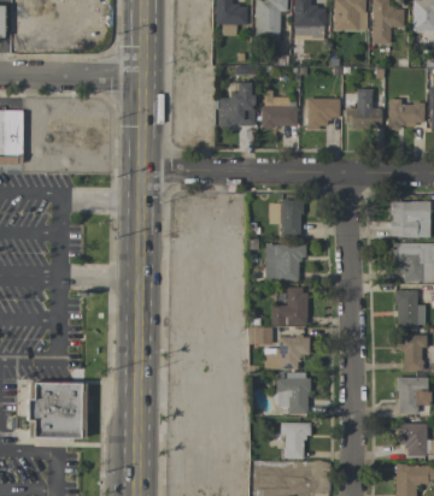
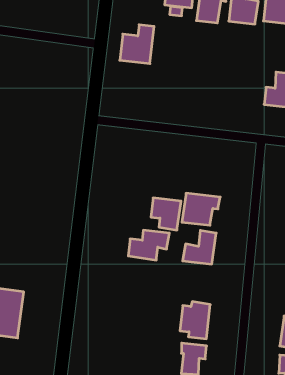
building: [218,82,254,126] -> [120,25,154,64]
building: [262,90,297,126] -> none
building: [306,98,339,129] -> none
building: [269,201,303,236] -> [151,198,181,230]
building: [264,336,310,370] -> [128,230,169,260]

